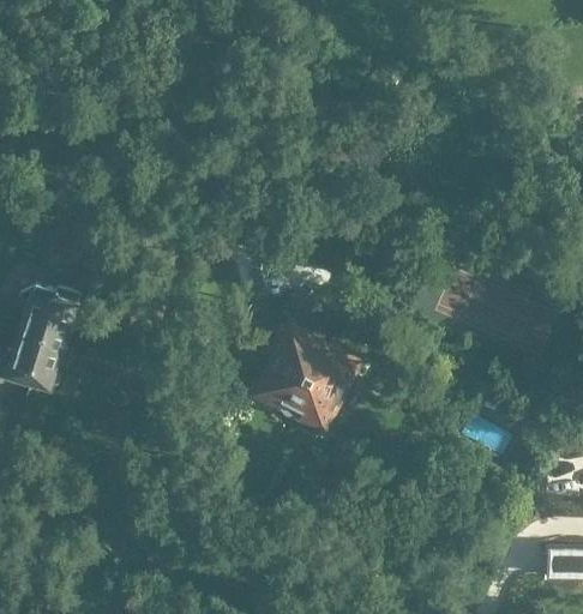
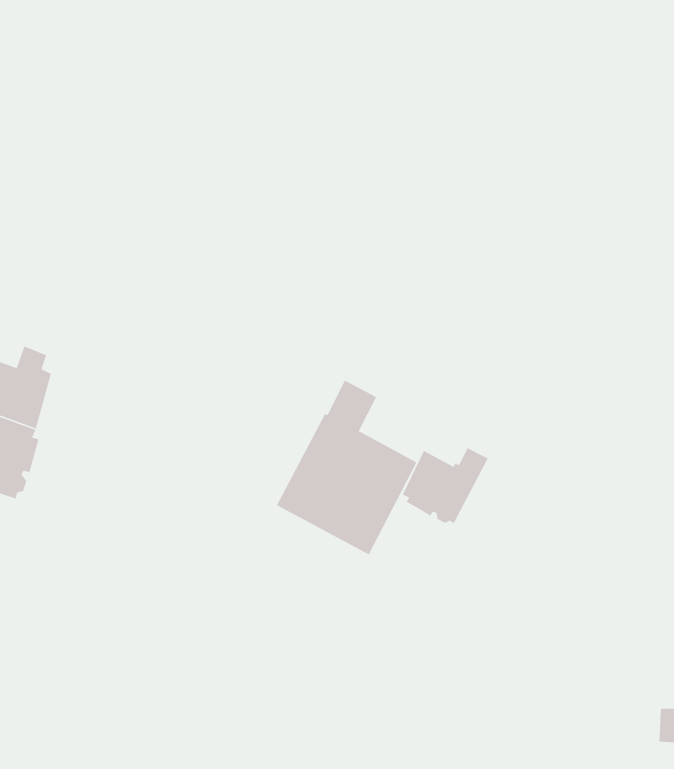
building: none -> [402,447,489,524]

